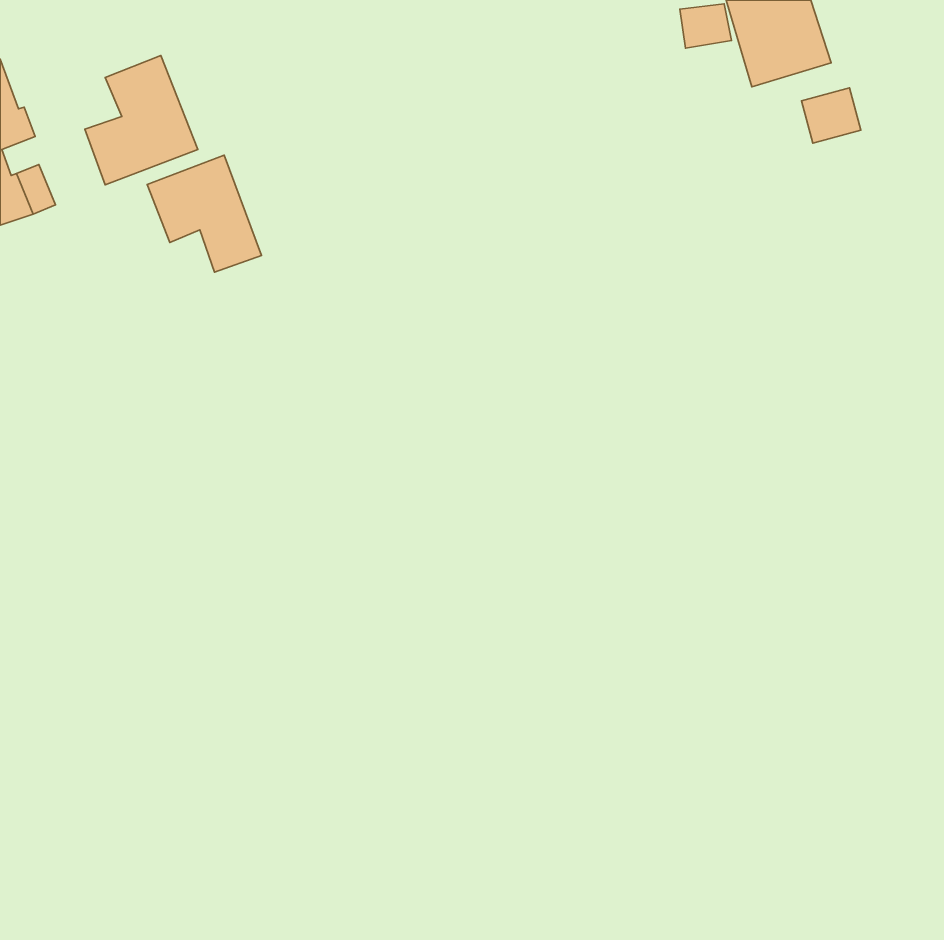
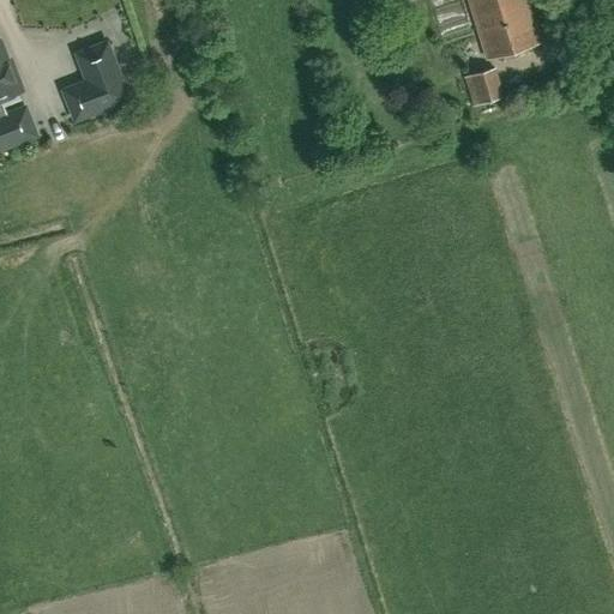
building: [802,88,861,143] -> [465,71,504,107]
building: [147,155,261,272] -> none

